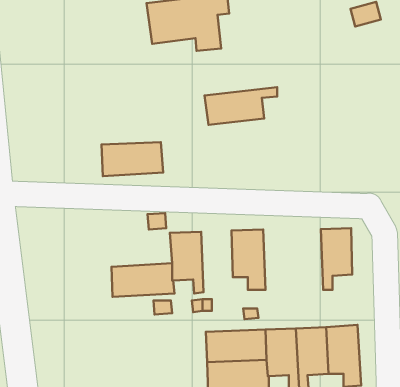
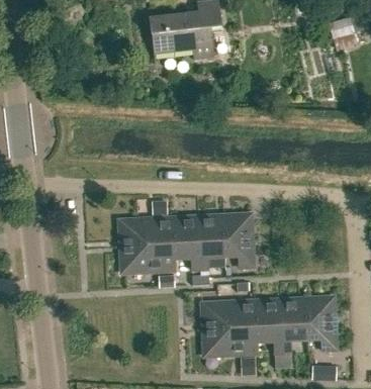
building: [205,87,277,125] -> none
building: [102,142,163,176] -> [119,217,173,247]
building: [321,228,352,290] -> [198,215,225,269]

